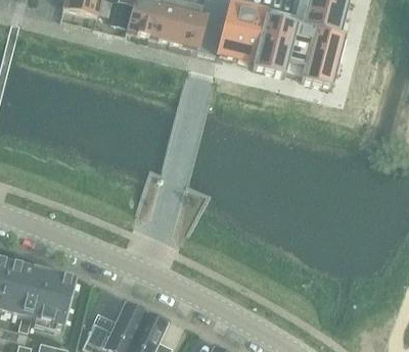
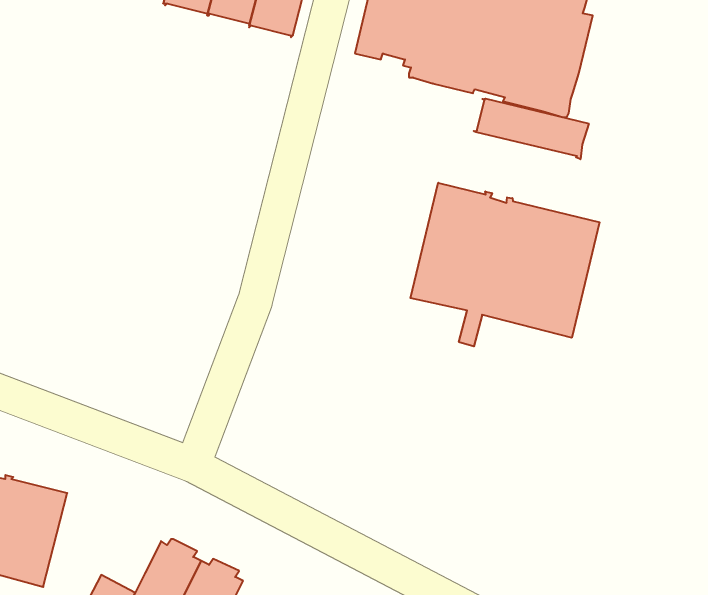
building: none -> [474,99,589,159]
building: none -> [410,183,600,346]

